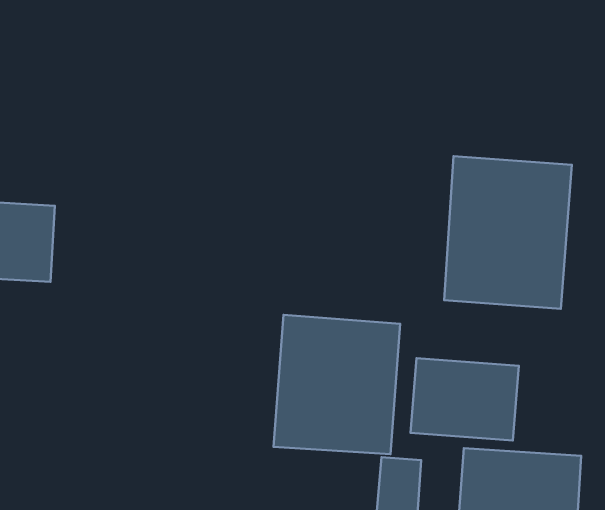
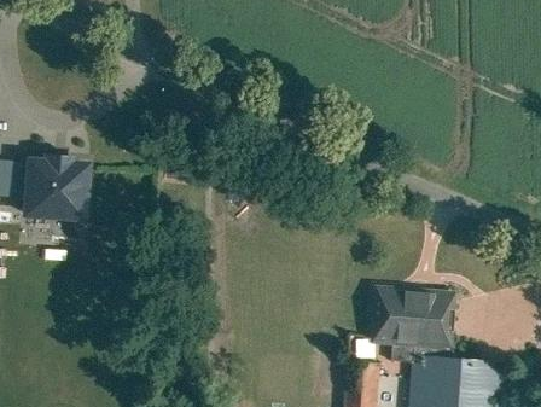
building: [444,156,572,309] -> none
building: [274,315,400,454] -> none

